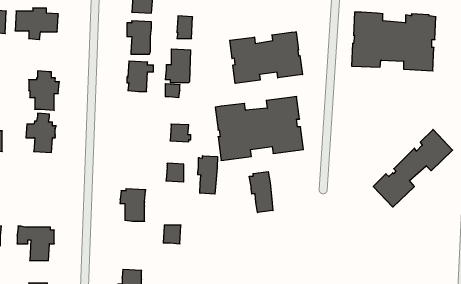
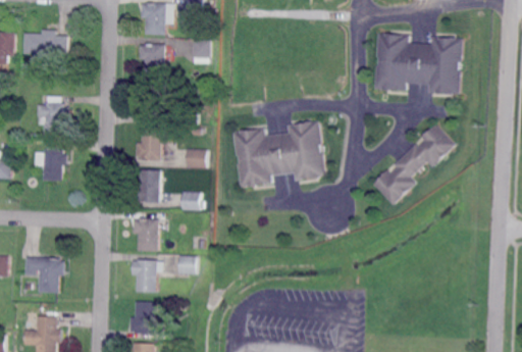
building: [230,32,302,83] -> none
building: [165,49,191,82] -> [136,125,162,160]
building: [373,129,453,207] -> [371,124,454,205]
building: none -> [135,168,160,202]
building: [198,156,217,194] -> none
building: [249,172,273,213] -> none
building: none -> [132,259,163,292]

